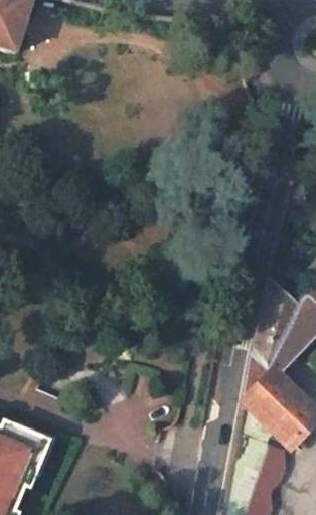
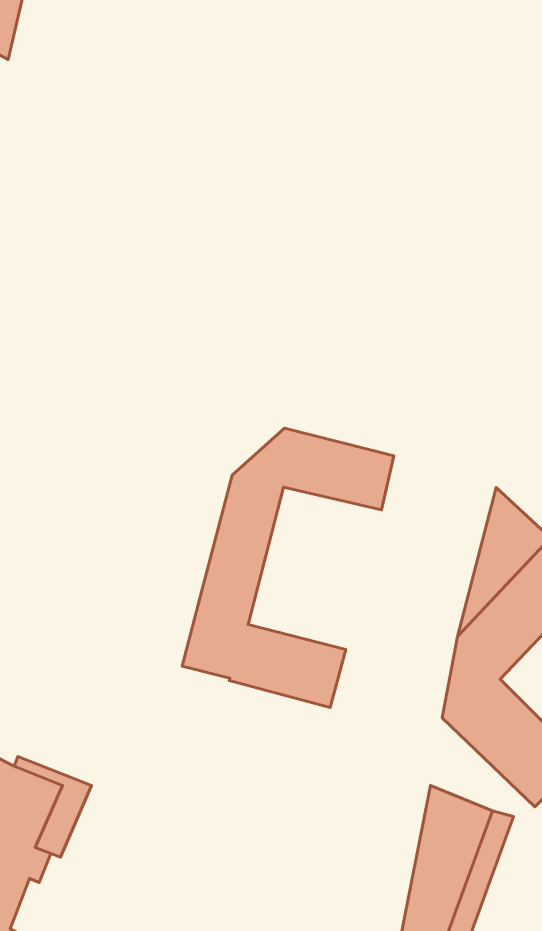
building: none -> [182,428,394,707]

